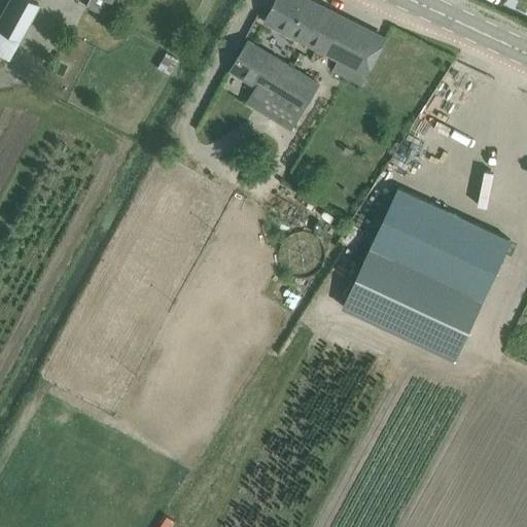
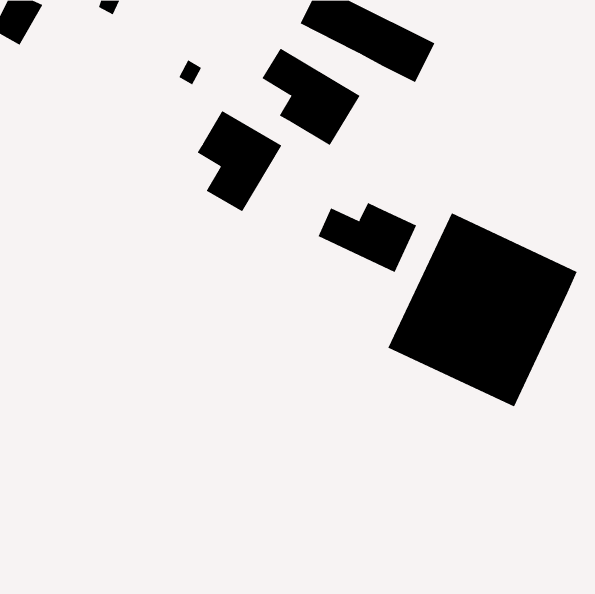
building: none -> [197,110,282,212]
building: none -> [318,202,417,273]

